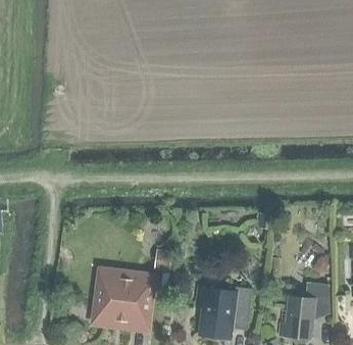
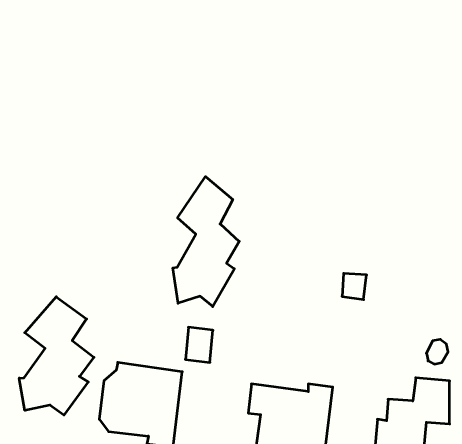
building: none -> [173,177,239,307]
building: none -> [19,297,94,415]

